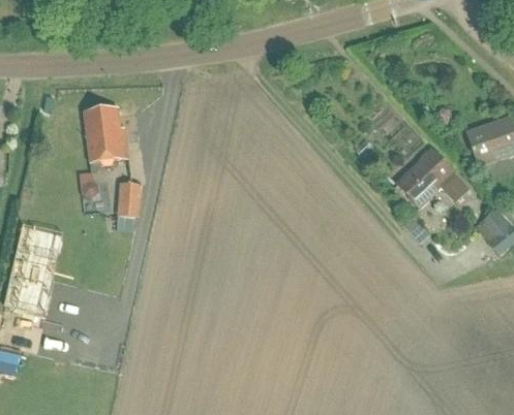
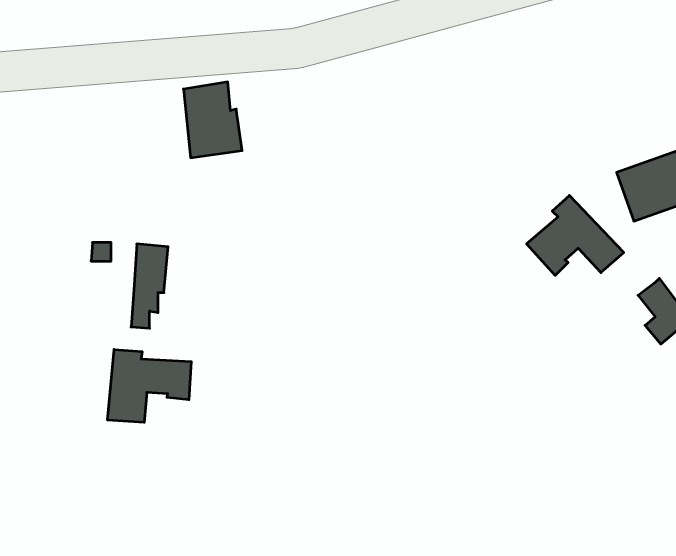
building: [85,105,127,160] -> [183,82,242,158]
building: none -> [108,349,191,422]

